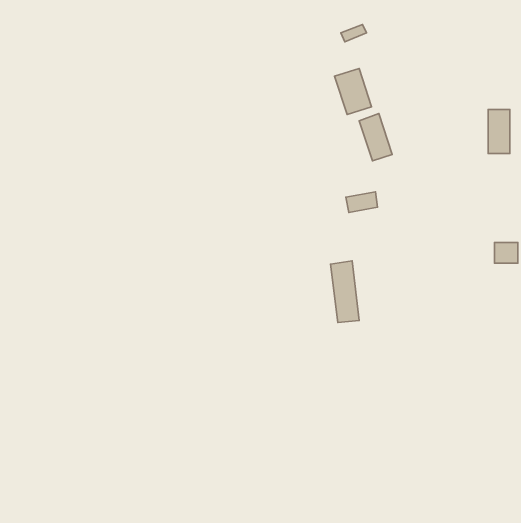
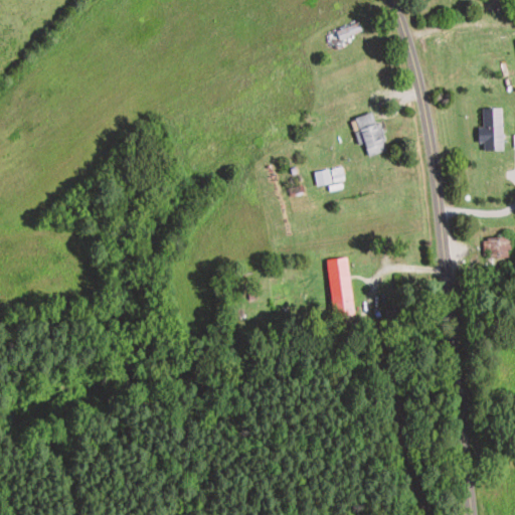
building: [335,68,371,115] -> none
building: [346,192,378,212] -> [315,167,346,187]

